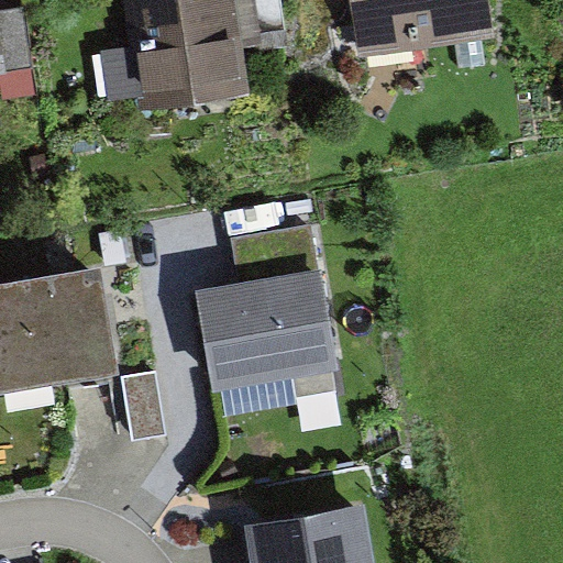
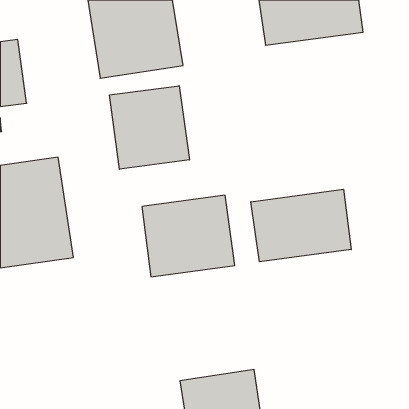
building: none -> [110,86,189,169]
building: none -> [251,189,351,262]

